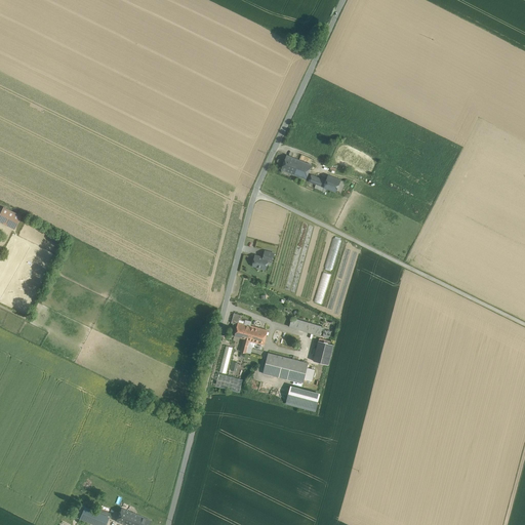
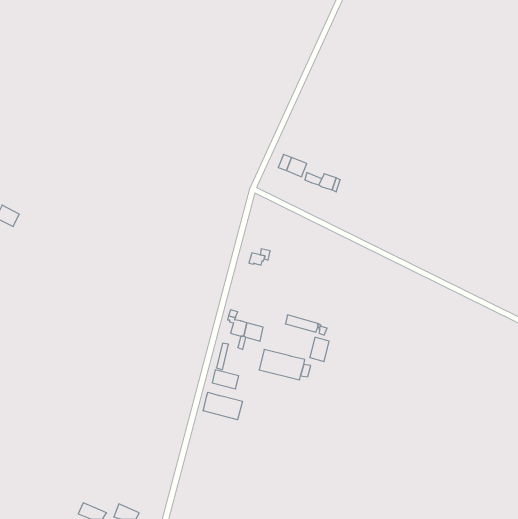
building: [286,388,317,410] -> none
building: none -> [203,392,242,420]

